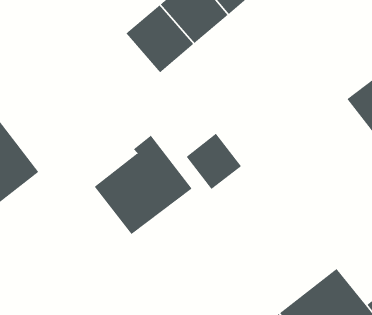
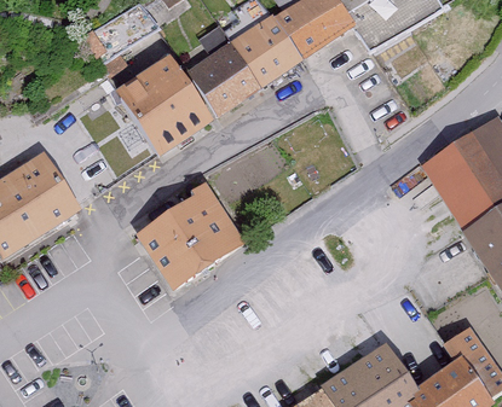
building: none -> [116,58,210,157]
building: [186,133,242,190] -> none

